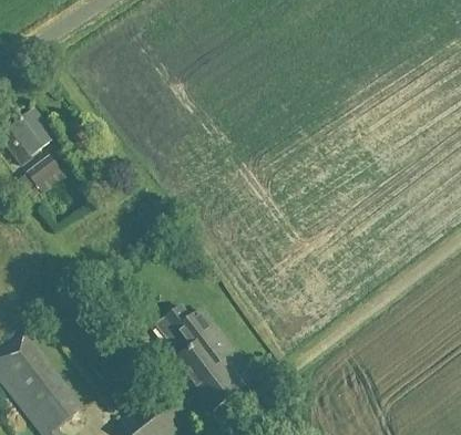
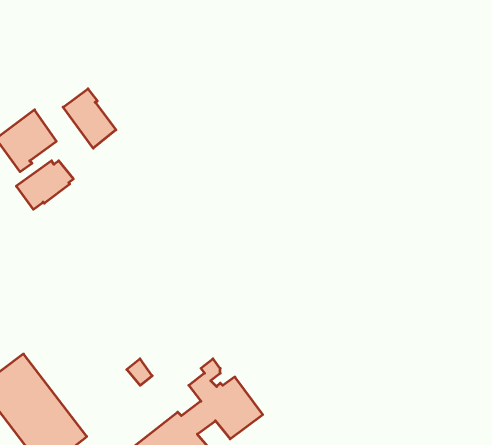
building: none -> [63,89,116,148]
building: [156,304,234,361] -> none

